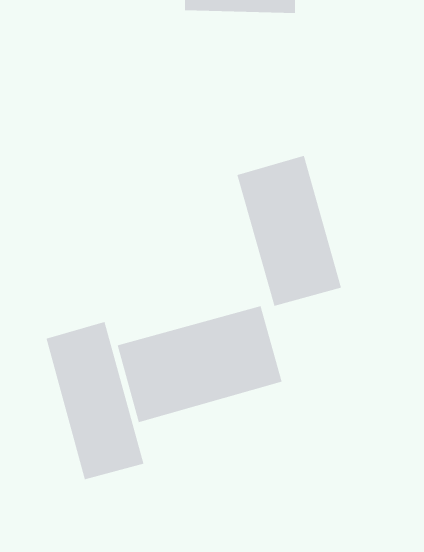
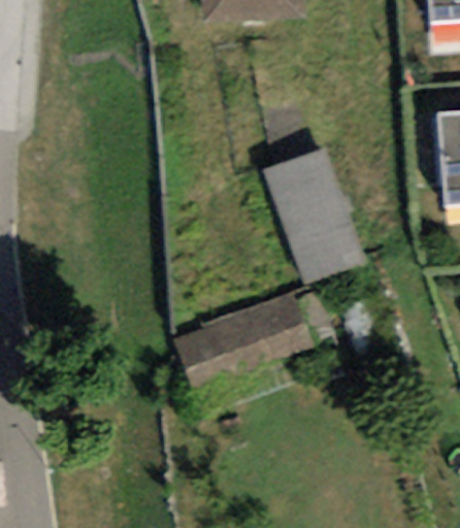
building: [46,321,144,480] -> none

